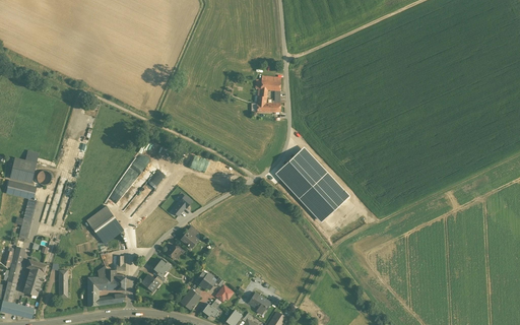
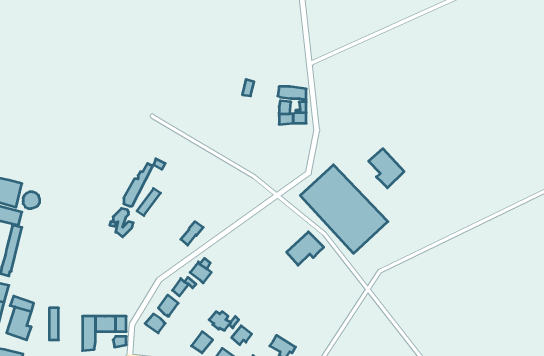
building: none -> [369,149,404,188]
building: none -> [287,232,324,265]
building: [86,205,124,243] -> none

